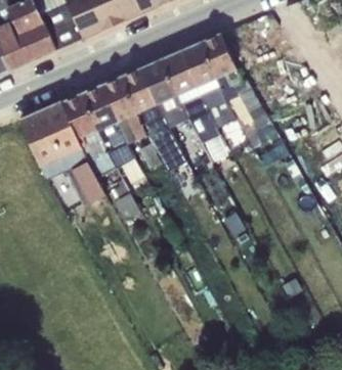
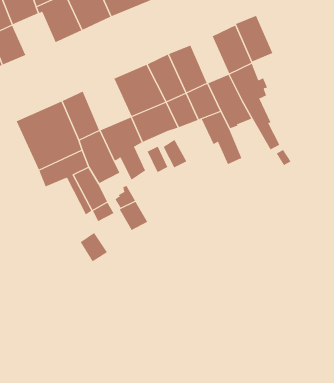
building: [17,21,56,60] -> none
building: [180,43,215,86] -> [235,15,273,62]
building: [82,82,126,129] -> none

